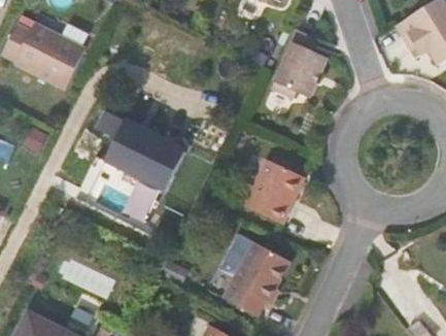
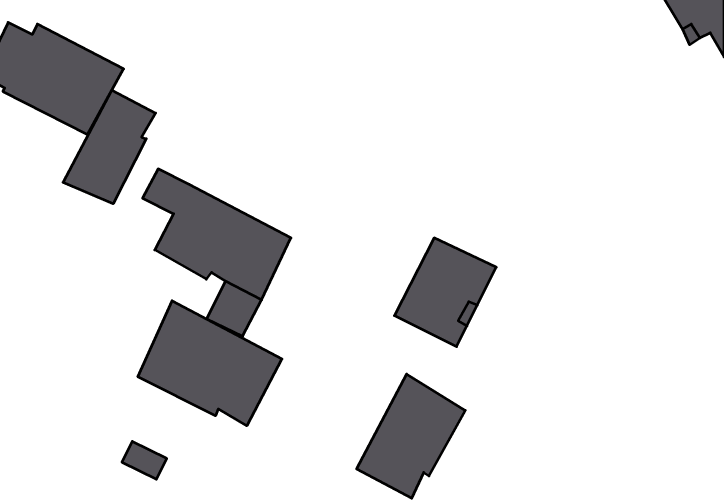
building: [273,22,330,89] -> none
building: none -> [63,90,156,204]
building: none -> [138,301,282,426]

